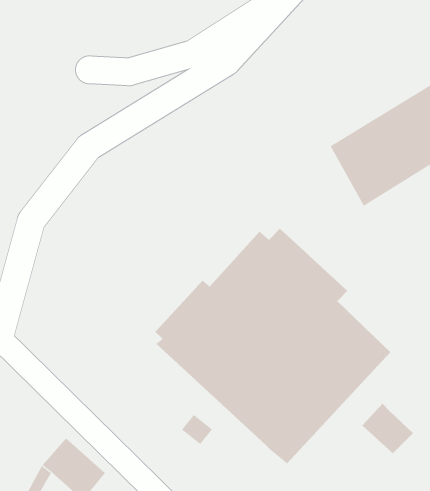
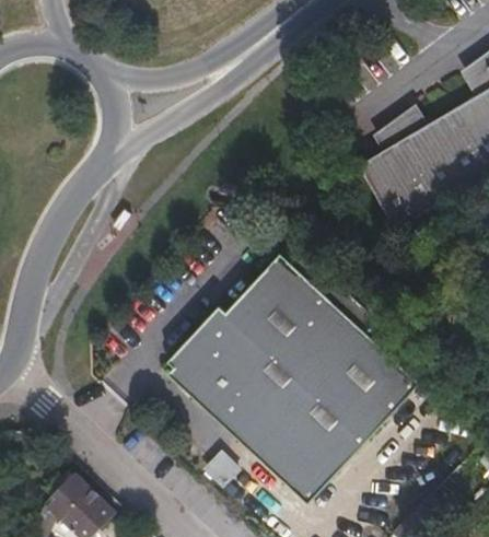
building: [362,403,414,454] -> none

